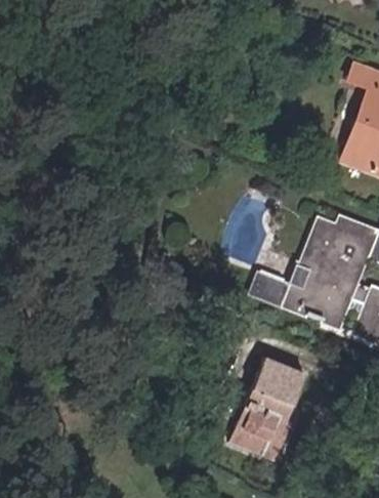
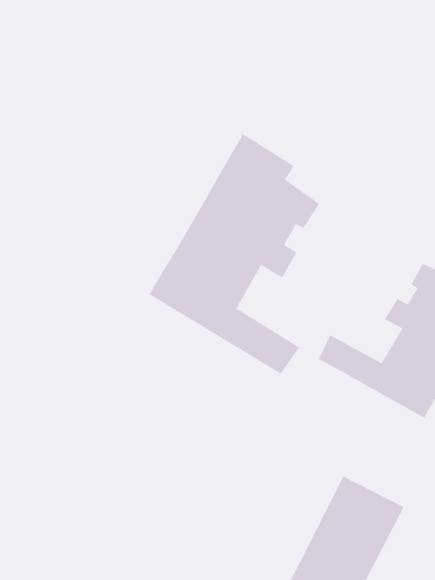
building: none -> [148,133,320,375]

